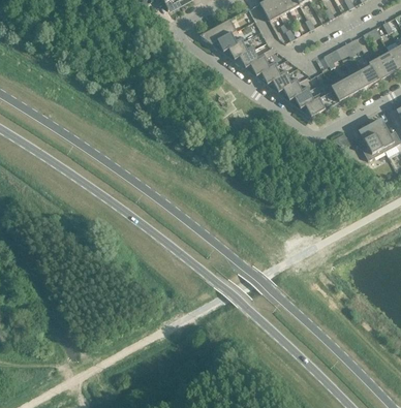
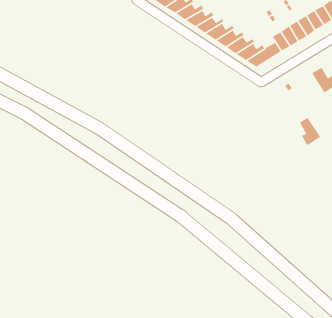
building: [361,126,385,159] -> [298,117,321,146]

